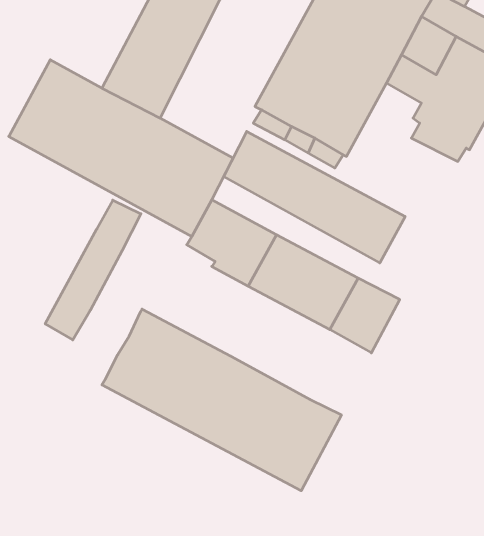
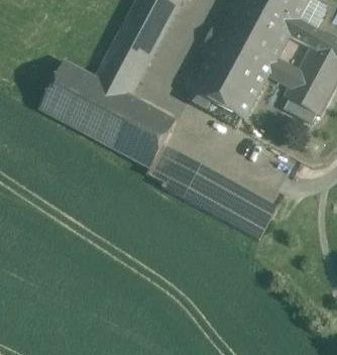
building: [224,131,405,263] -> none
building: [45,200,141,340] -> none
building: [102,309,341,491] -> none

